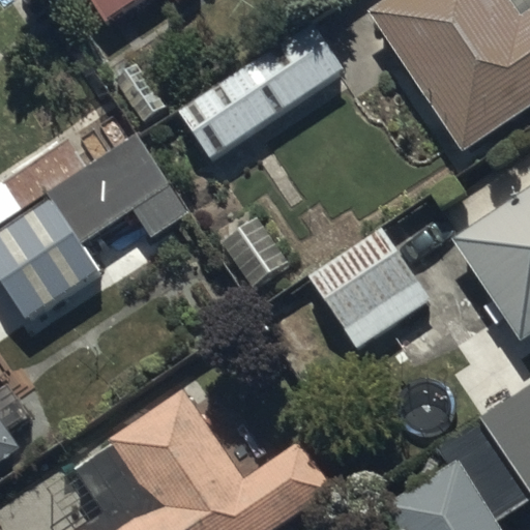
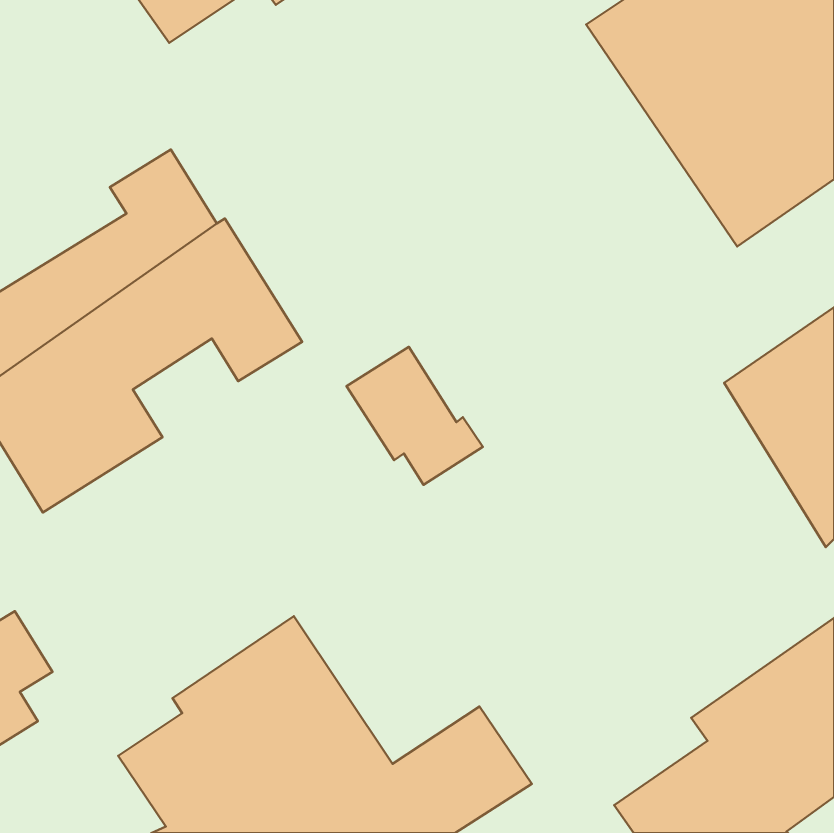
building: [178,23,346,161] -> none
building: [307,229,431,352] -> none

